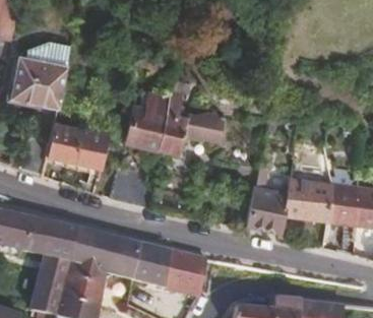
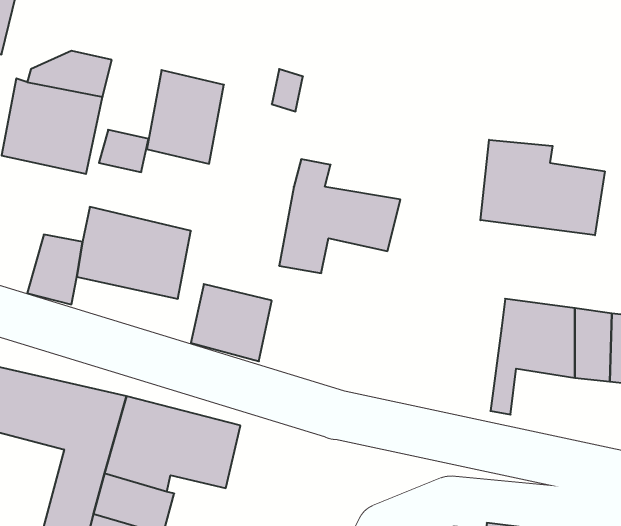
building: none -> [480,140,605,235]
building: [127,103,170,154] -> [147,70,224,164]
building: [242,182,285,235] -> none
building: [132,243,205,294] -> none

